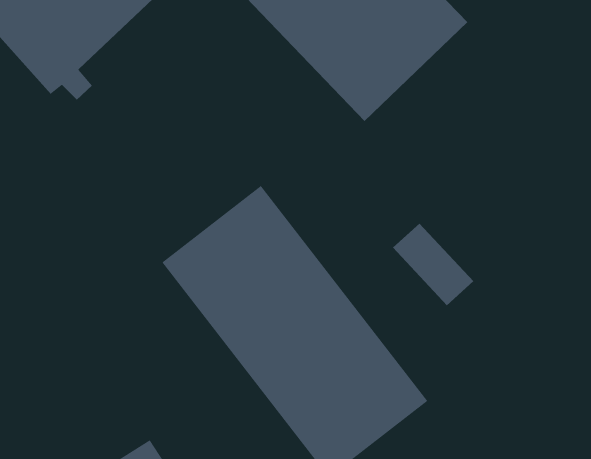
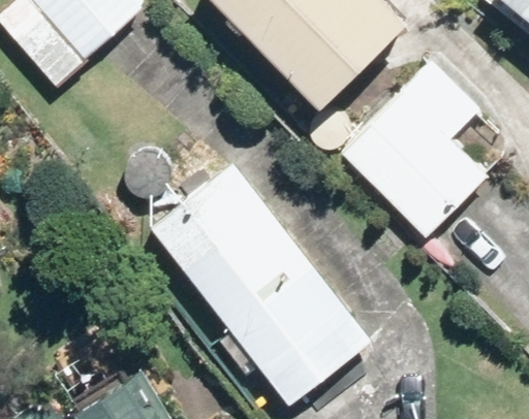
building: none -> [341,60,489,236]

